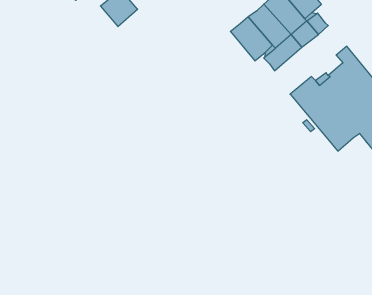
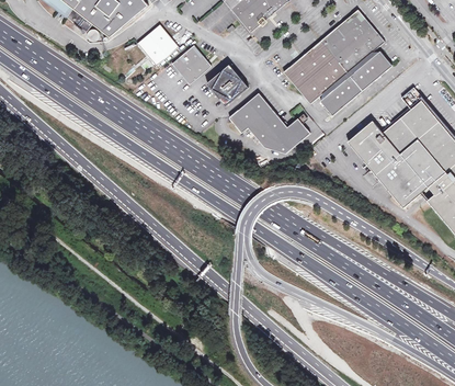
building: none -> [172,45,212,83]
building: none -> [207,64,249,106]
building: none -> [229,92,310,154]

